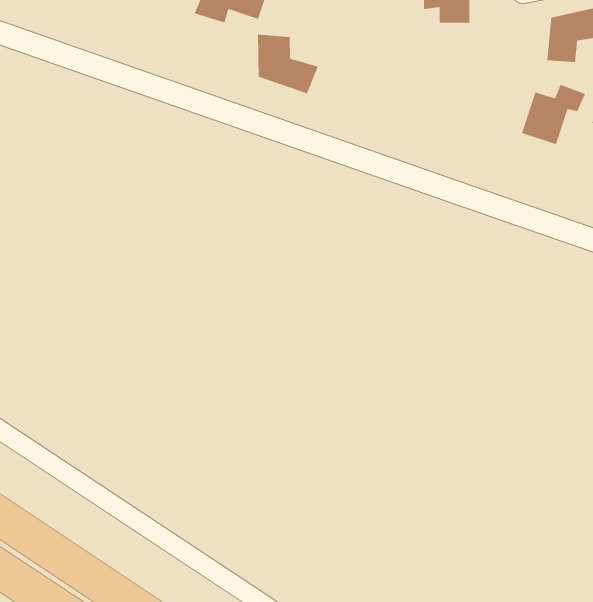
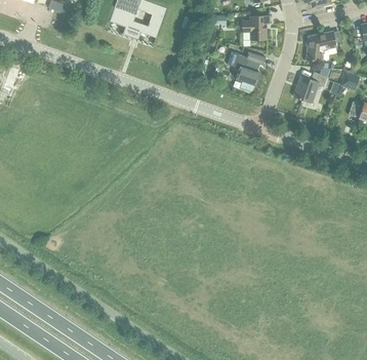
building: [257,34,318,94] -> none
building: none -> [227,51,266,91]

